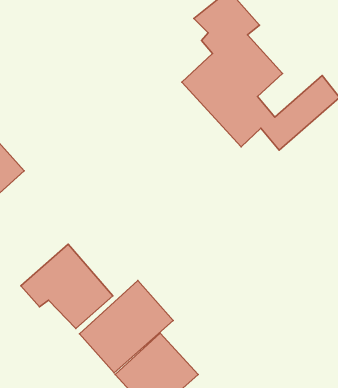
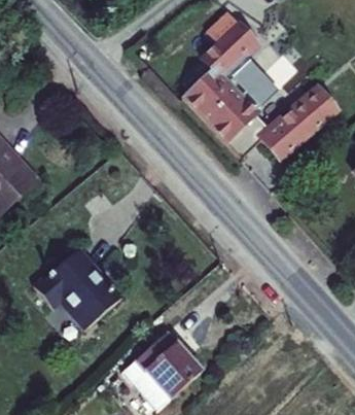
building: [80,280,173,373] -> none

